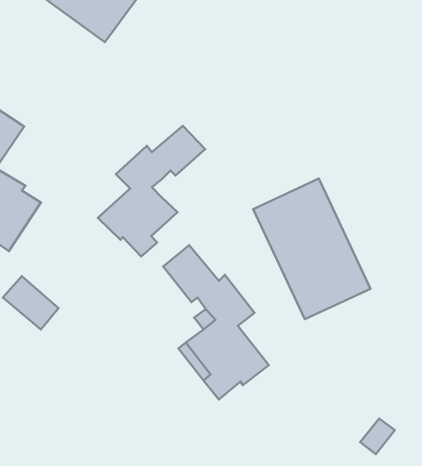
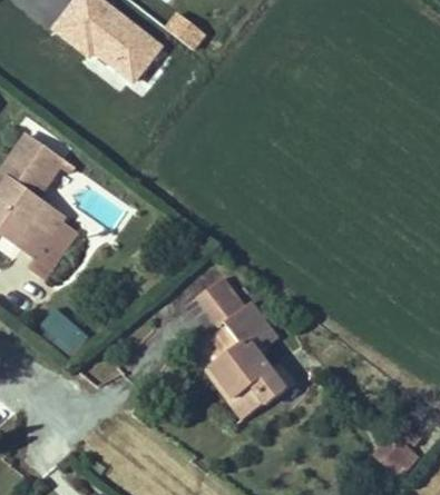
building: [98,126,205,257] -> none
building: [253,179,370,319] -> none

